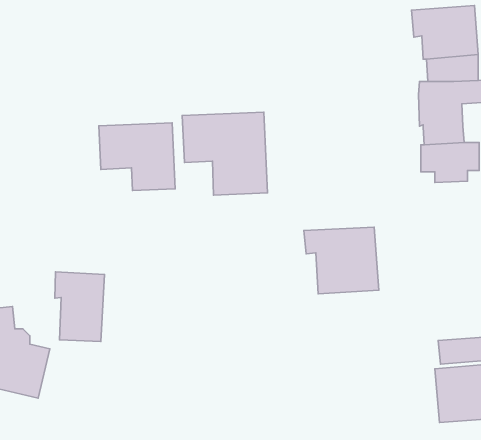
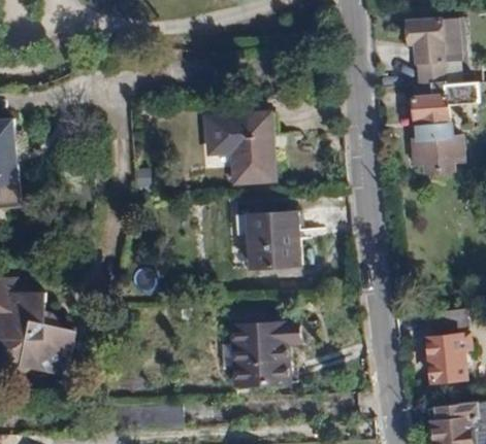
building: [99,123,175,191] -> none
building: [304,227,379,294] -> [235,211,301,270]
building: [55,272,105,342] -> none
building: none -> [229,321,296,383]

